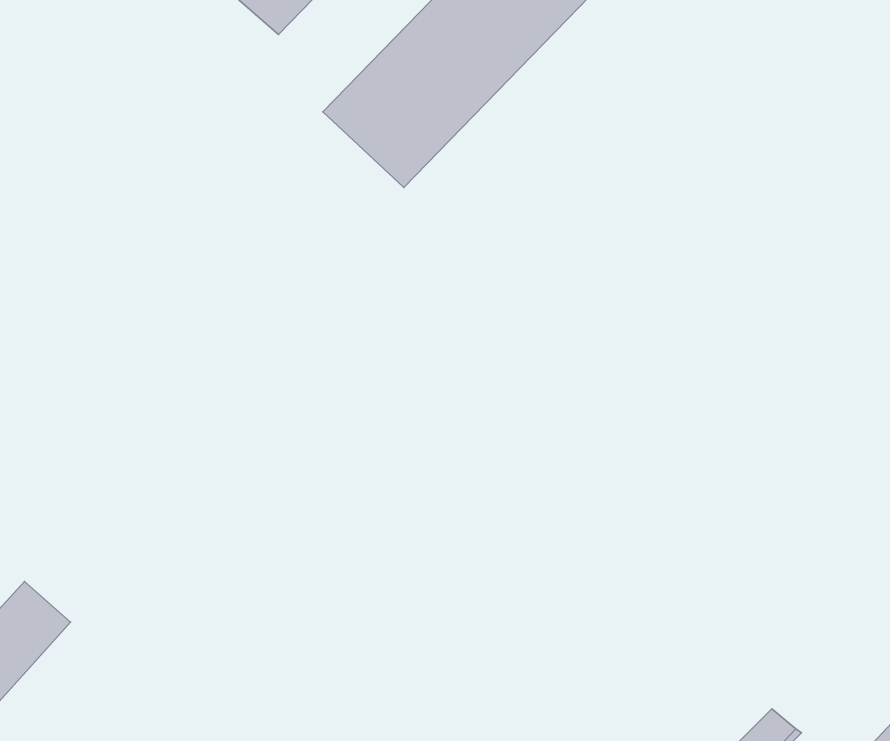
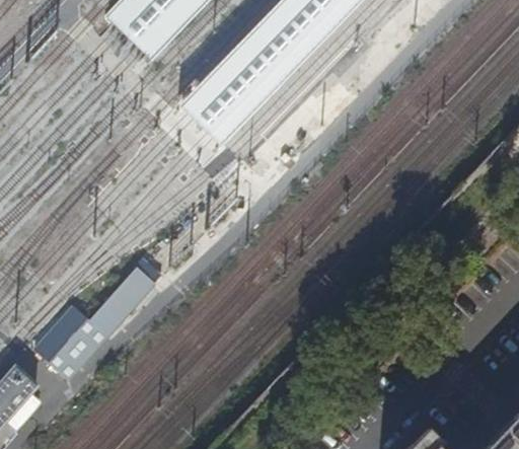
building: none -> [32,266,155,379]

